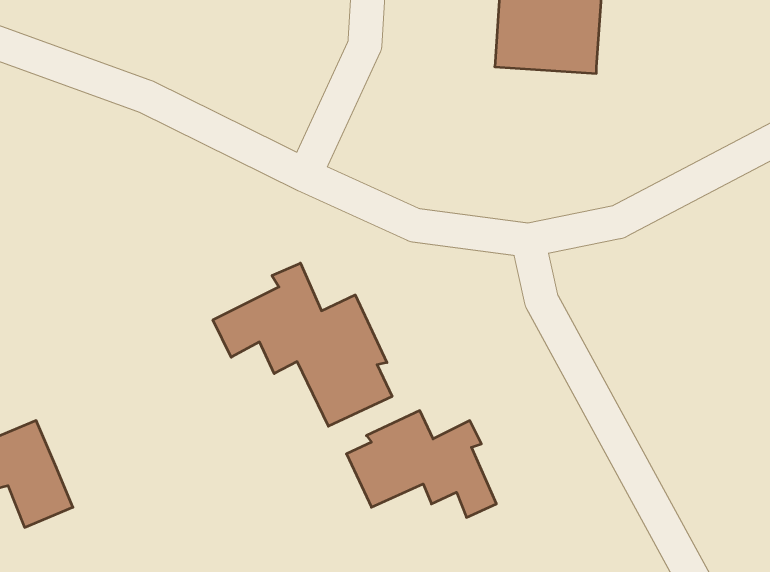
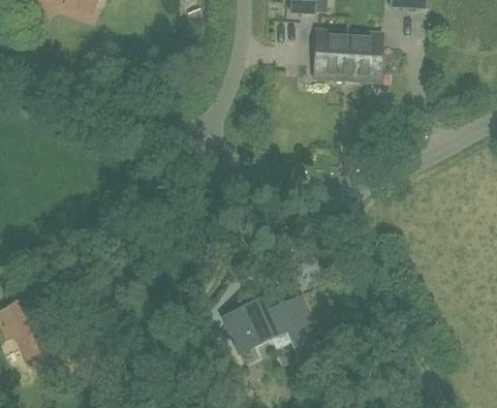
building: [213,263,392,426] -> none

